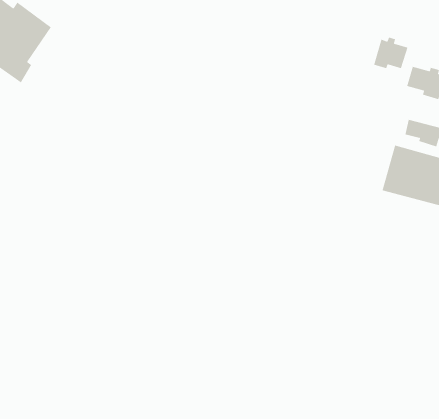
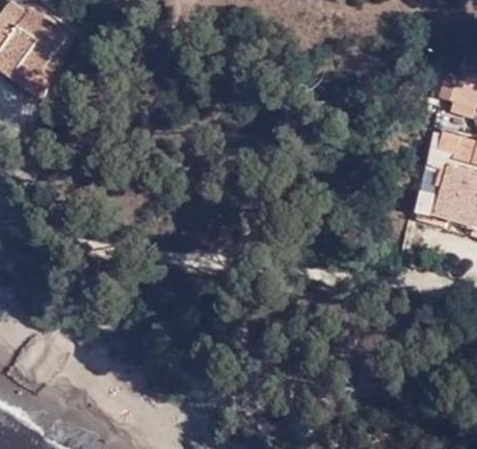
building: [373,37,408,69] -> none

